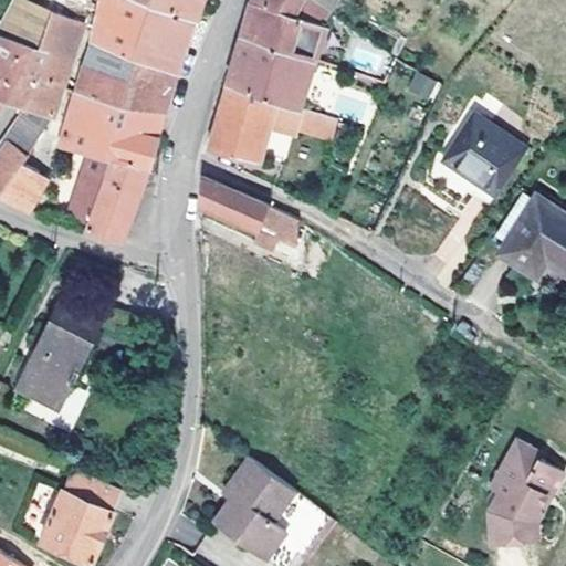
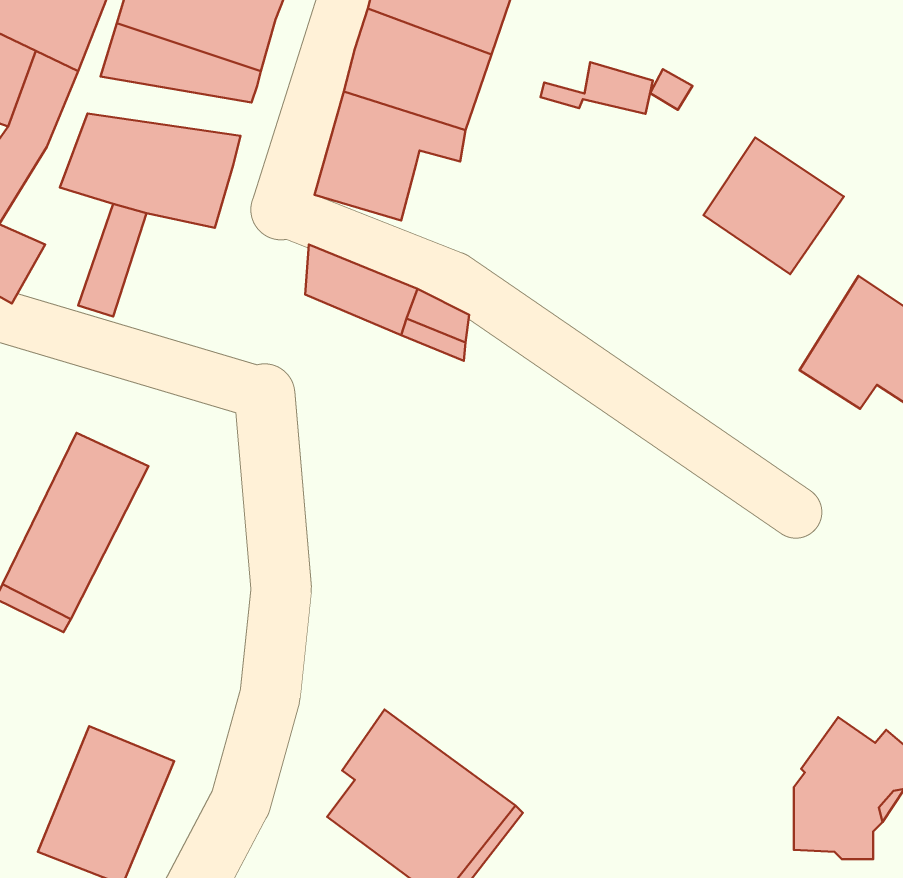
building: [71,77,169,113] -> none
building: [268,109,335,140] -> [540,62,653,114]
building: [83,159,147,240] -> none

